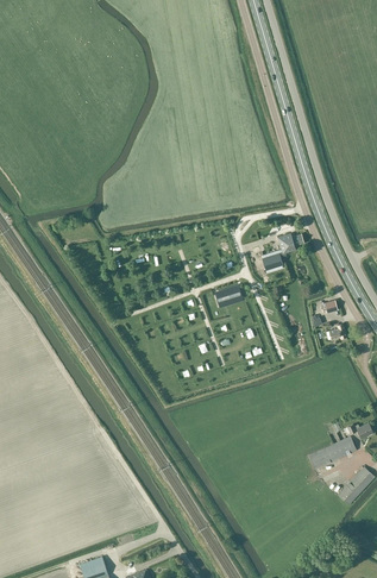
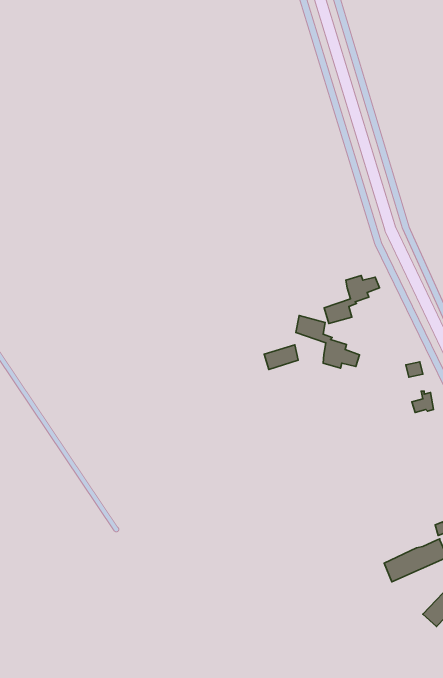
building: none -> [296,315,359,368]

